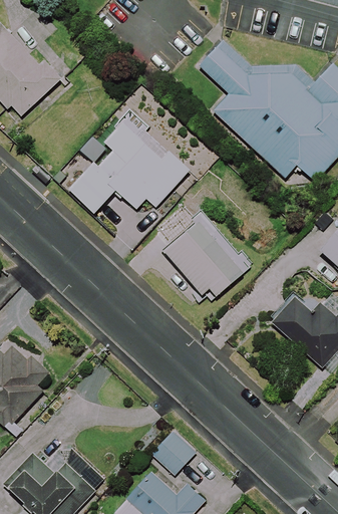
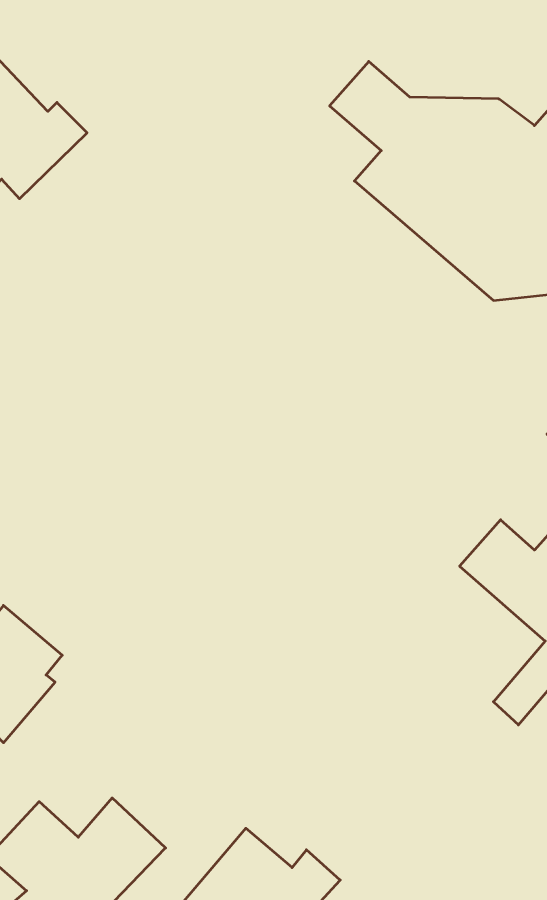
building: [68,112,191,214] -> none
building: [164,212,251,296] -> none
building: [150,434,193,476] -> none

